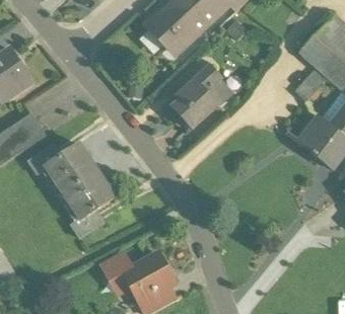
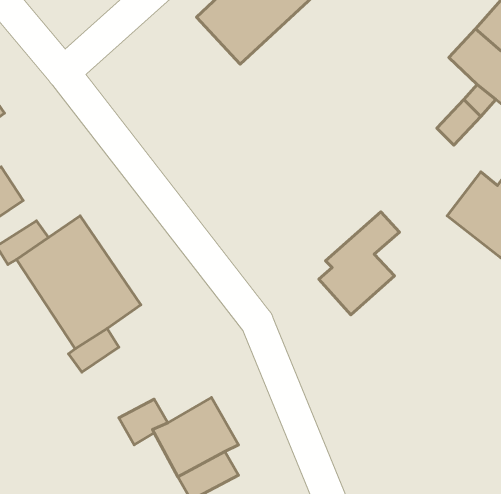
building: [171,66,220,128] -> [319,212,399,315]

